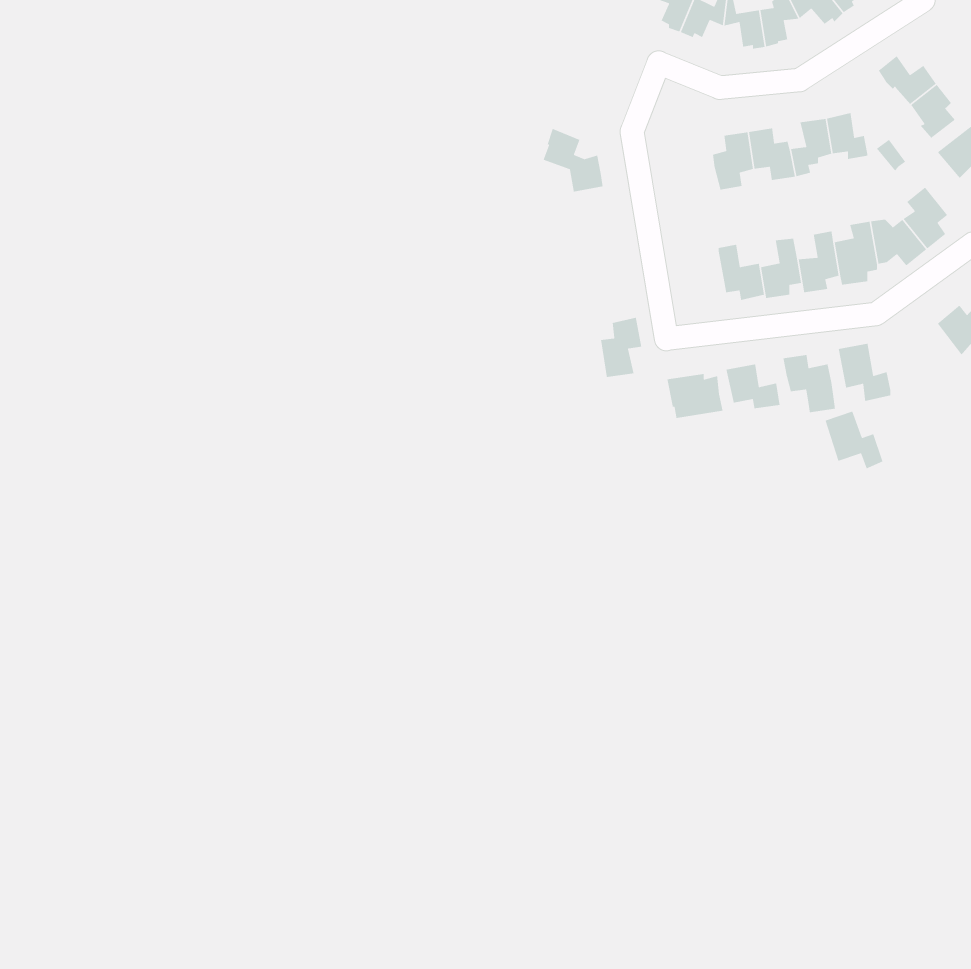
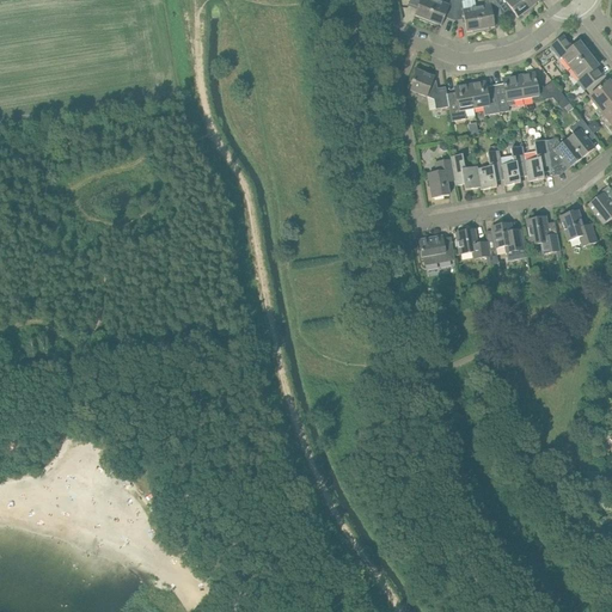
building: [543,128,603,193] -> [411,68,449,109]
building: [600,317,642,378] -> [429,158,455,196]
building: [824,410,883,469] -> [561,208,598,245]

